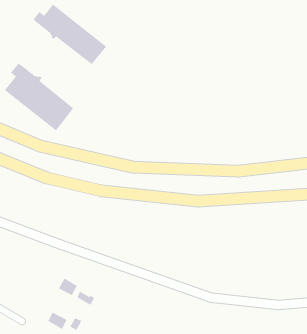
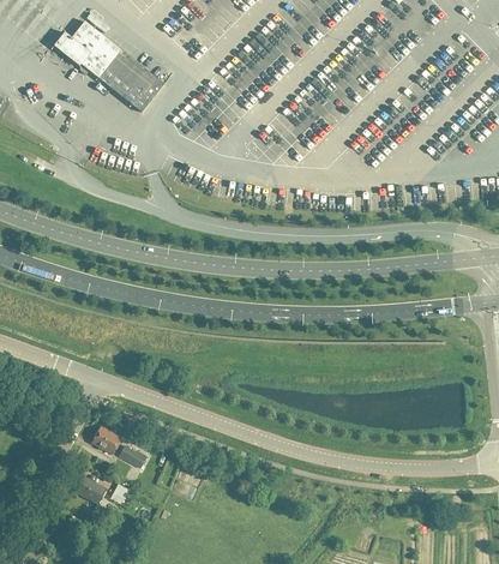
building: [4,63,74,132] -> none

